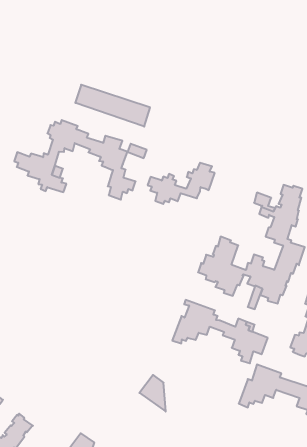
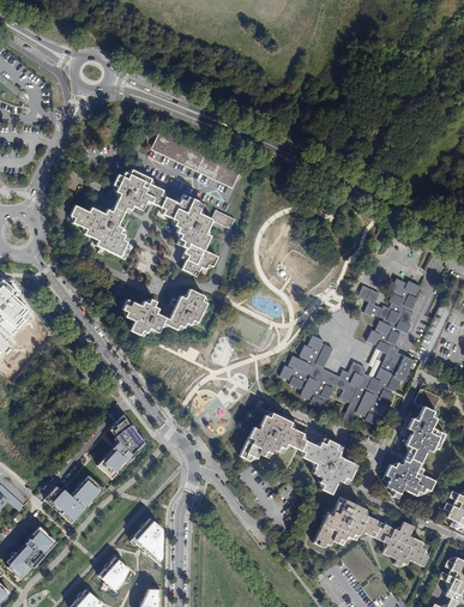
building: [148,163,215,204] -> [123,289,207,335]
building: none -> [98,415,143,479]
building: none -> [47,476,104,523]
building: [139,375,166,412] -> [131,519,162,566]

